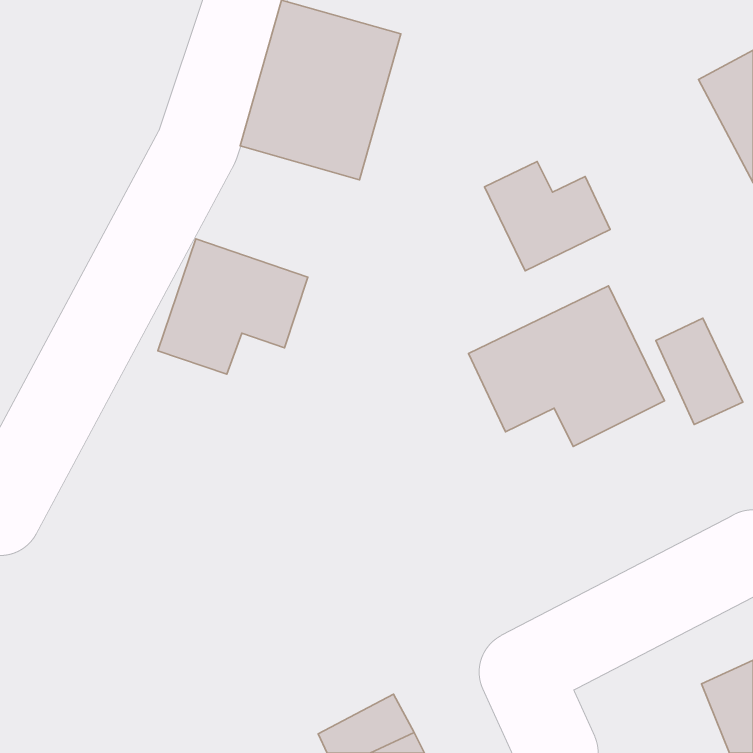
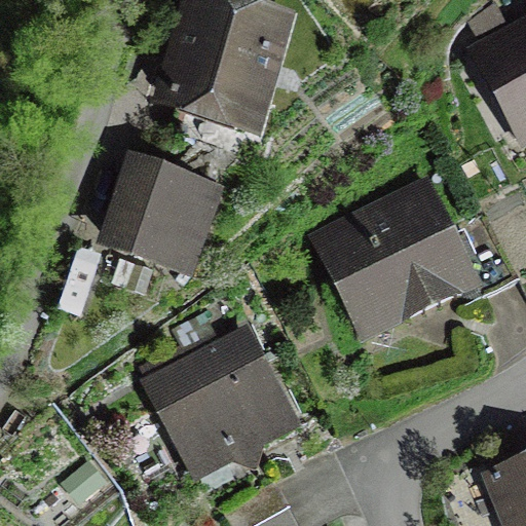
building: [485,161,610,271] -> none
building: none -> [148,329,299,478]

